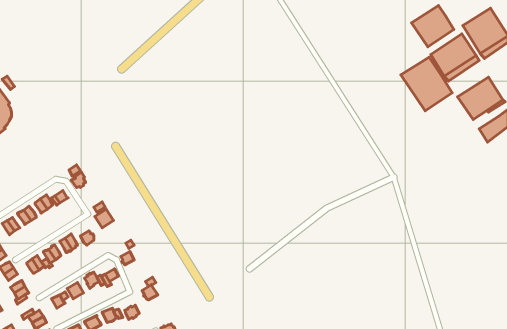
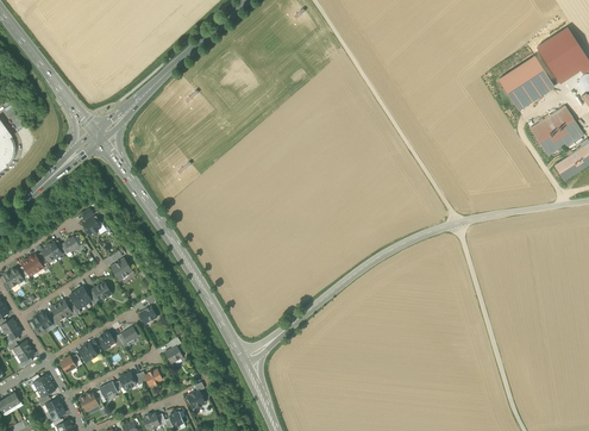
building: [412,5,454,47] -> none
building: [401,57,452,111] -> none

